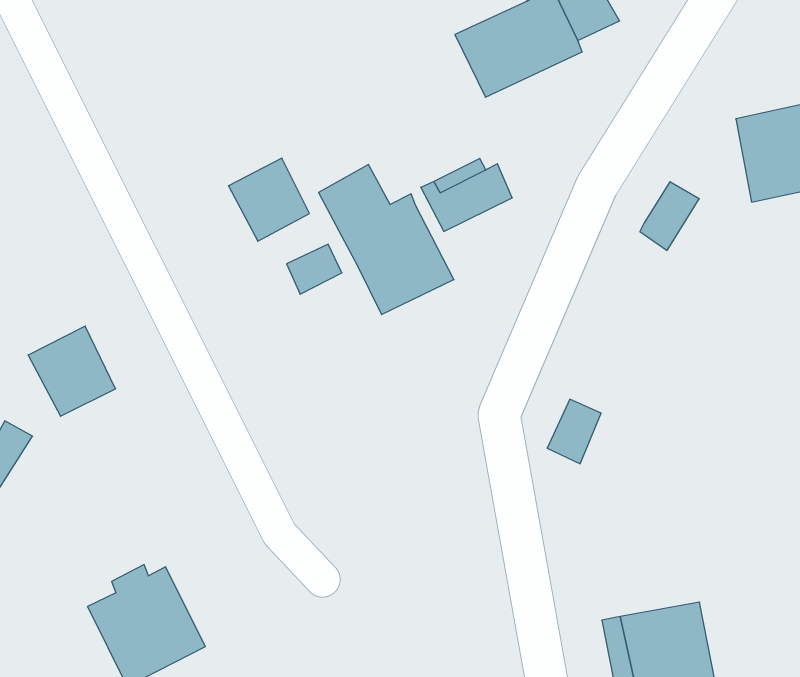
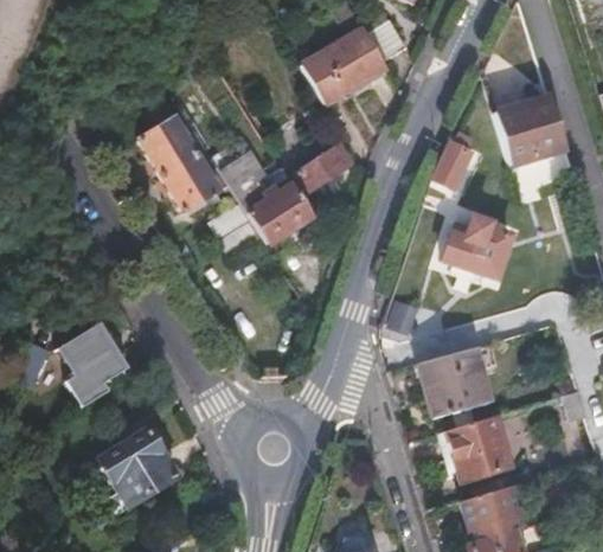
building: none -> [142,120,198,175]
building: none -> [445,219,514,281]
building: [28,326,116,416] -> [63,327,122,387]
building: none -> [423,349,492,419]

